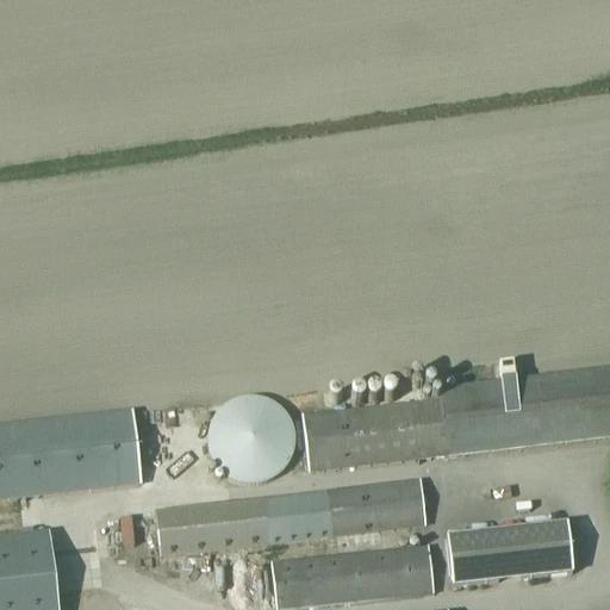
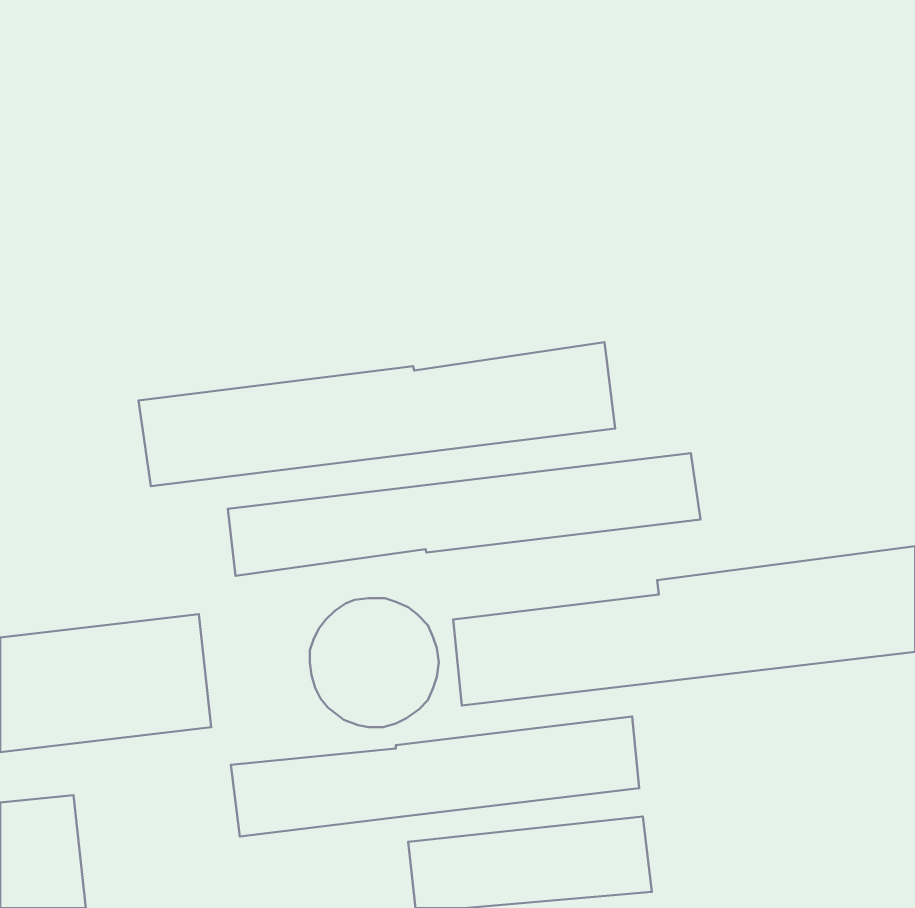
building: none -> [138,342,615,486]
building: none -> [228,453,701,576]
building: [447,522,573,586] -> none

